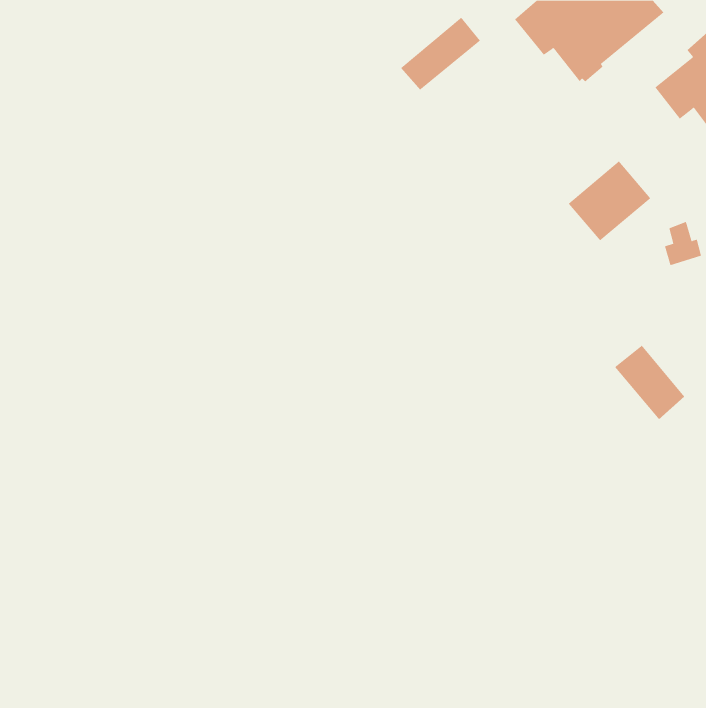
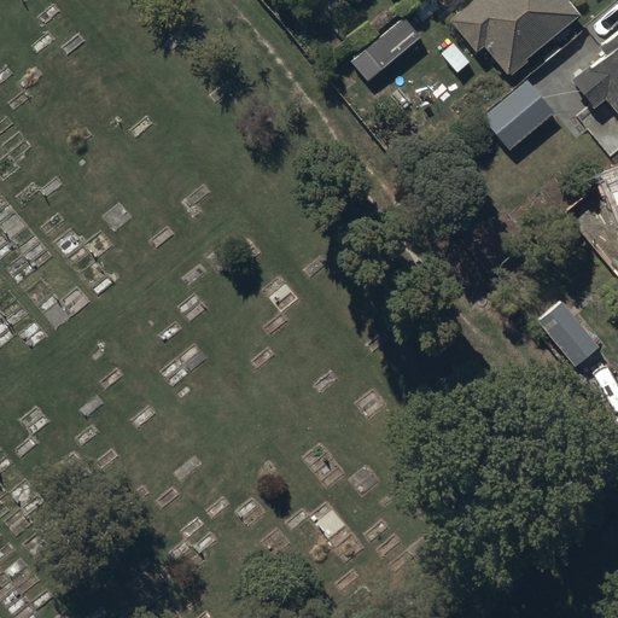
building: [568,161,651,241] -> [483,80,555,150]

